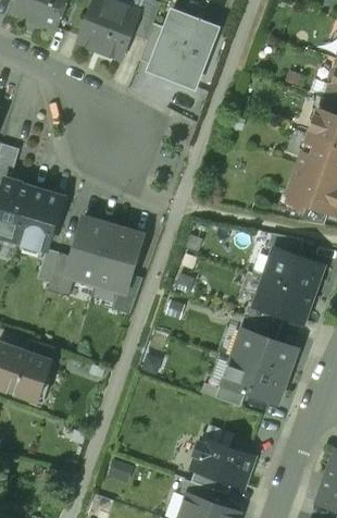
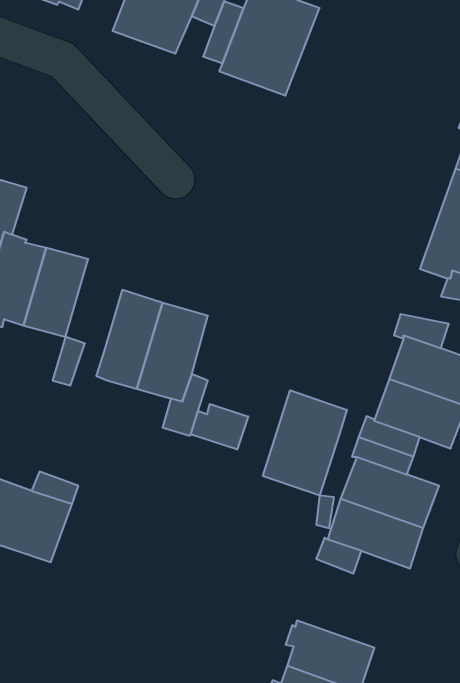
building: [47,252,75,296] -> none
building: none -> [263,390,347,496]
building: none -> [191,404,248,450]

